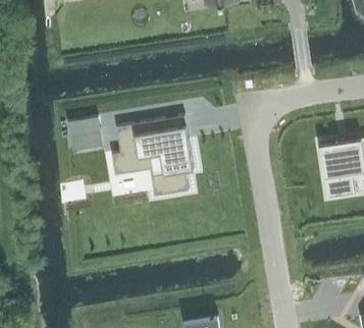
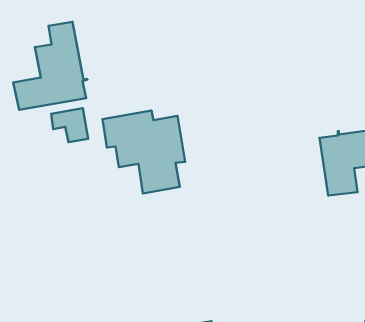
building: none -> [13,22,87,110]

